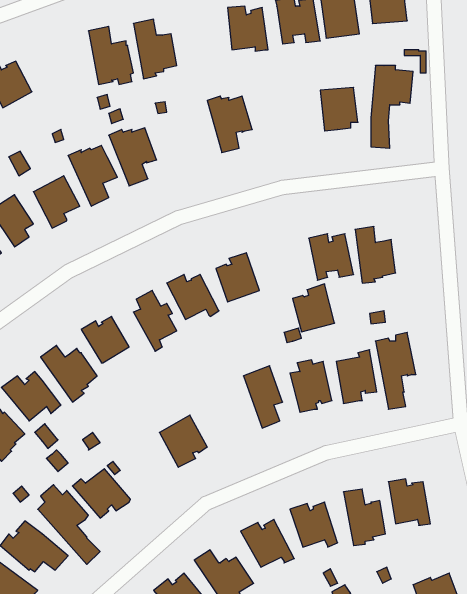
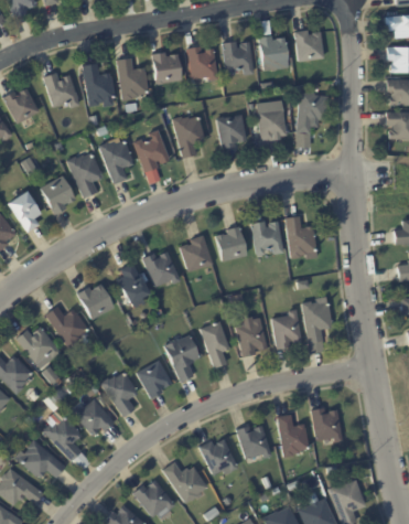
building: none -> [151,53,181,86]
building: none -> [43,73,79,108]
building: none -> [215,114,246,149]
building: none -> [133,129,171,186]
building: [293,284,335,332] -> [214,225,246,261]
building: none -> [164,335,200,382]
building: none -> [100,371,139,417]

